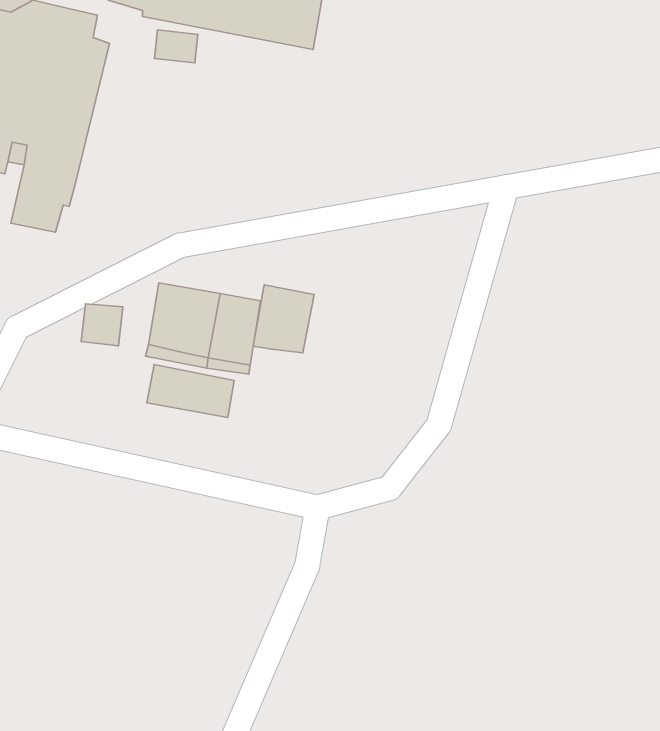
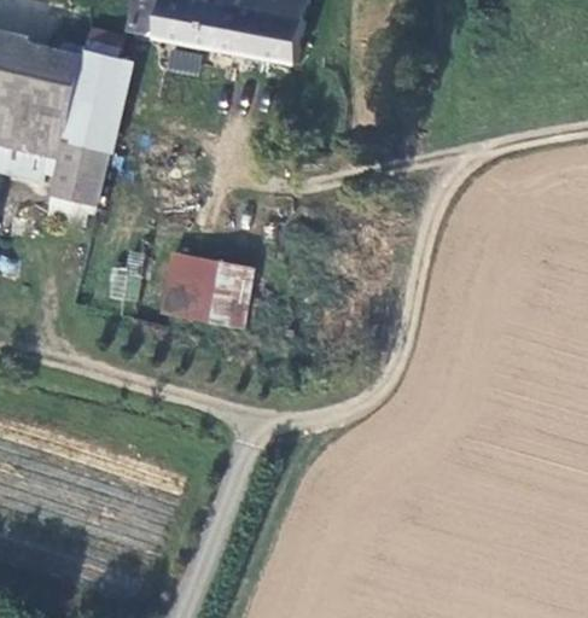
building: [253,285,314,353] -> none
building: [147,365,234,417] -> none

